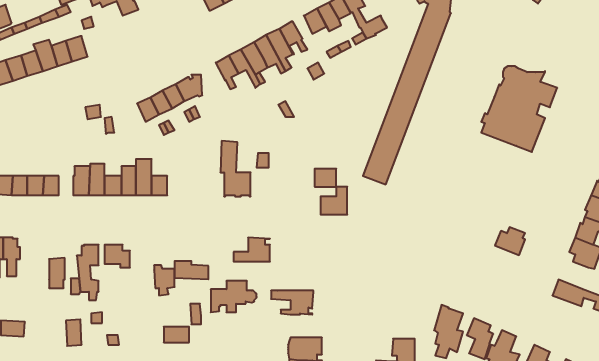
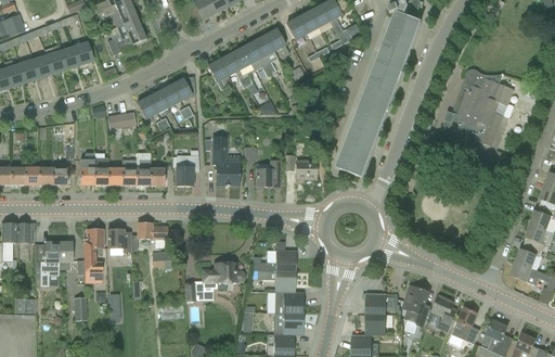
building: none -> [106,18,145,55]
building: none -> [176,155,198,186]
building: [321,187,347,215] -> [256,162,280,187]
building: [495,227,525,255] -> [515,245,542,270]
building: [234,238,270,262] -> [262,250,295,271]
building: none -> [35,243,57,285]
building: [175,261,208,279] -> [137,222,167,239]
building: none -> [274,292,302,314]
building: none -> [363,293,398,315]

